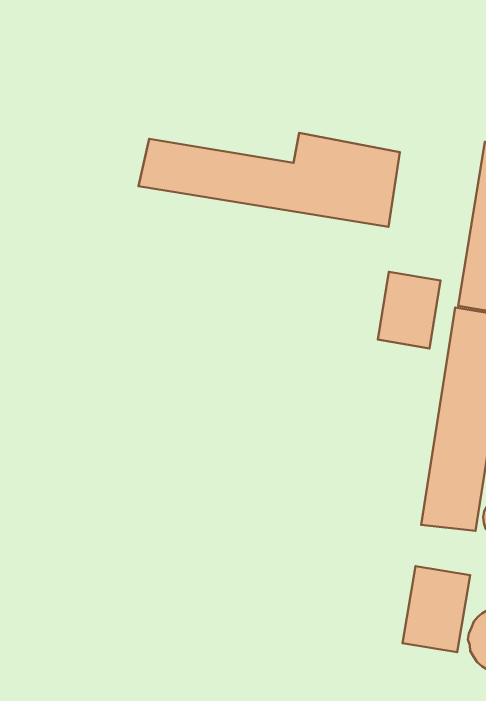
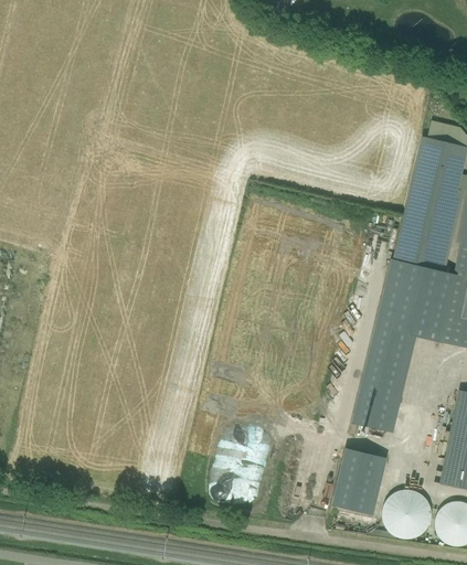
building: [138,133,400,227] -> none
building: [378,272,441,348] -> none

